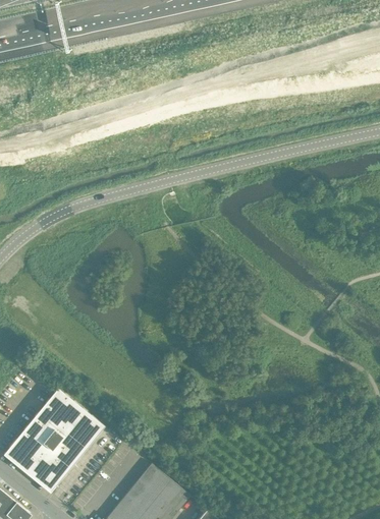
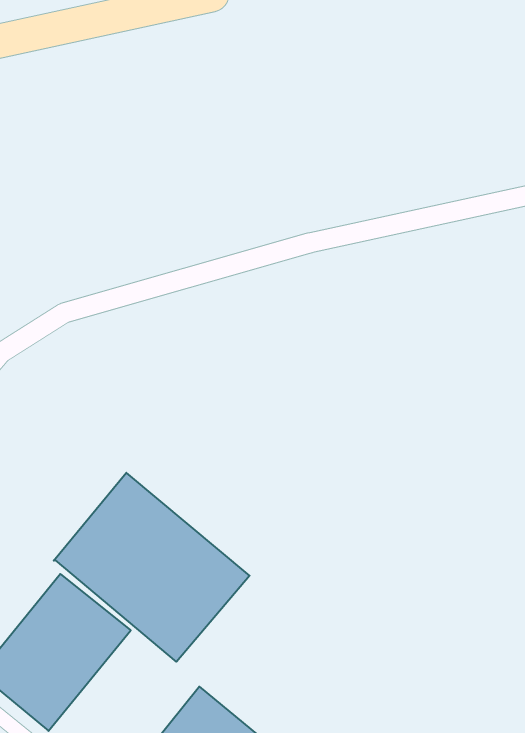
building: none -> [54,473,250,662]

